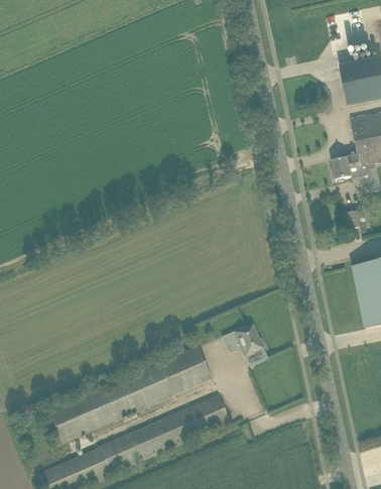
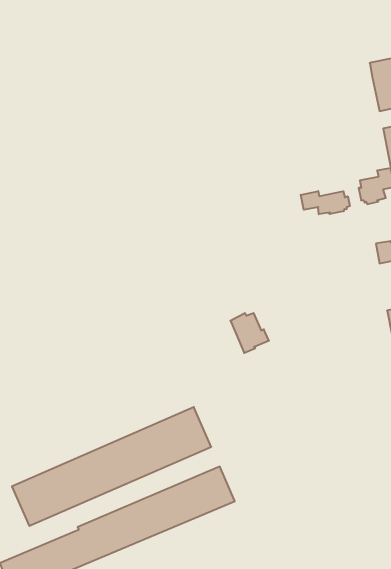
building: none -> [301,191,350,214]
building: [233,325,264,357] -> [230,313,269,353]

